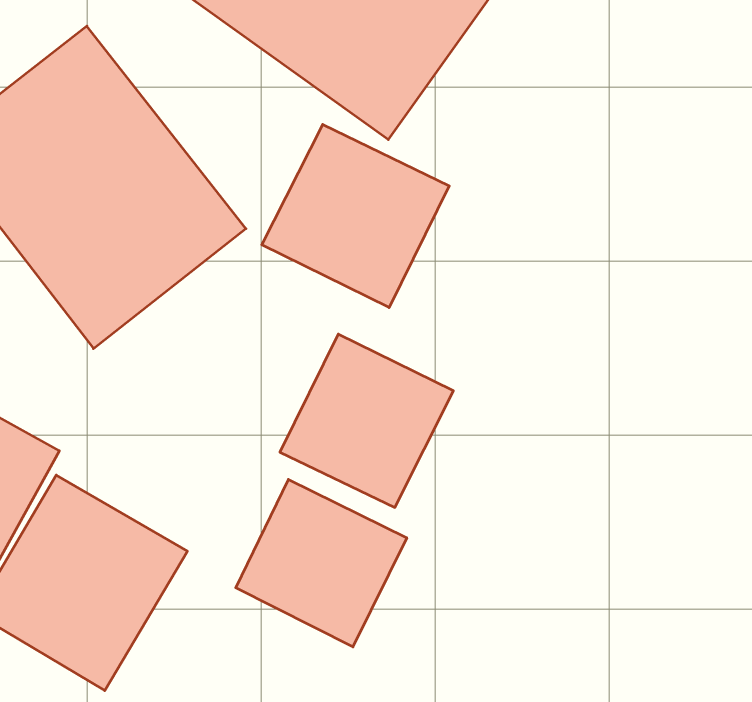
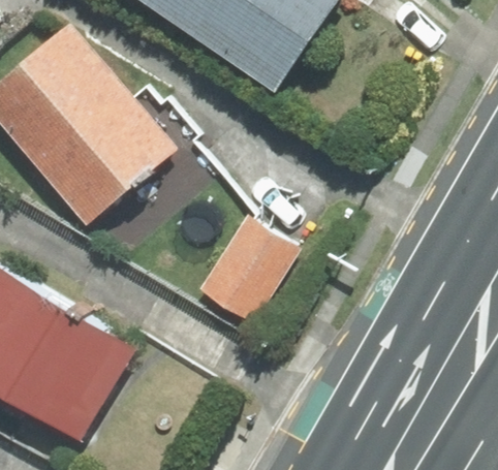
building: [262,124,449,308] -> none
building: [236,479,407,647] -> none

